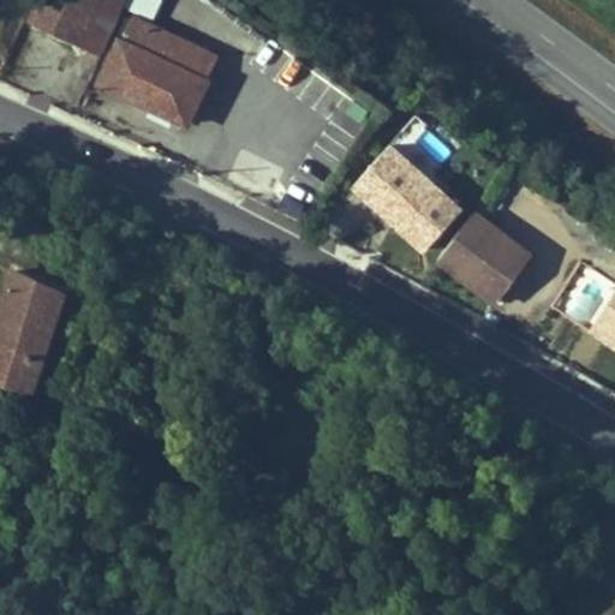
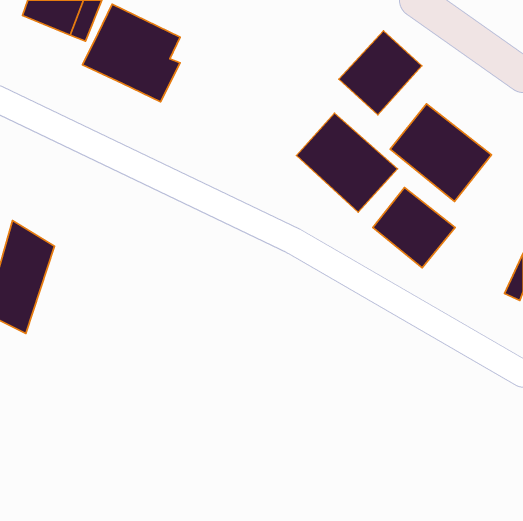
building: none -> [339,31,422,115]
building: none -> [390,104,492,202]

